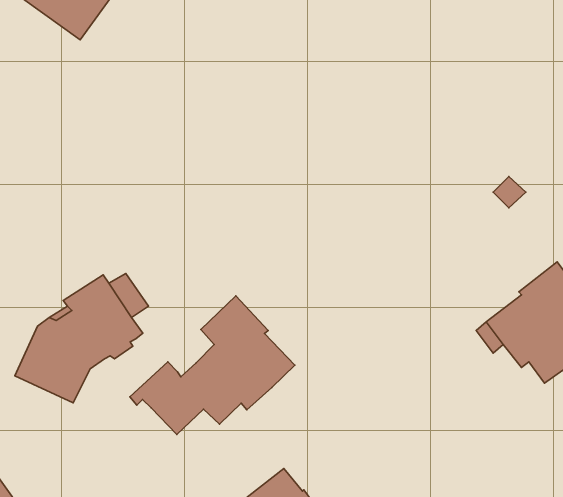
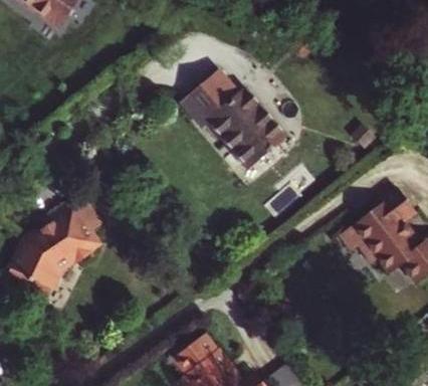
building: none -> [180,73,281,168]
building: [130,296,295,434] -> none

